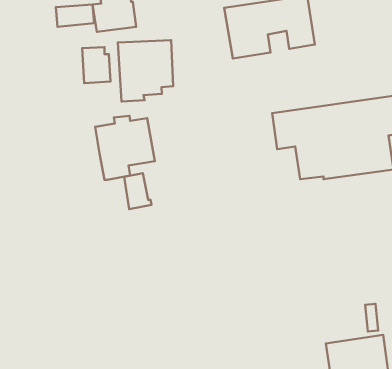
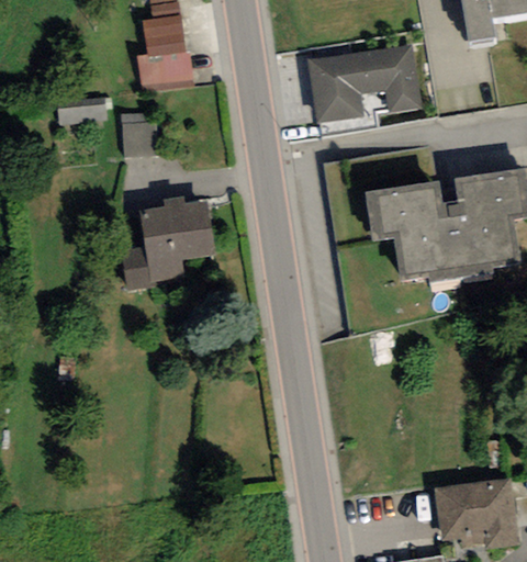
building: [56,4,94,27] -> [57,93,106,122]
building: [118,40,173,101] -> none
building: [124,173,152,209] -> [120,245,155,291]

